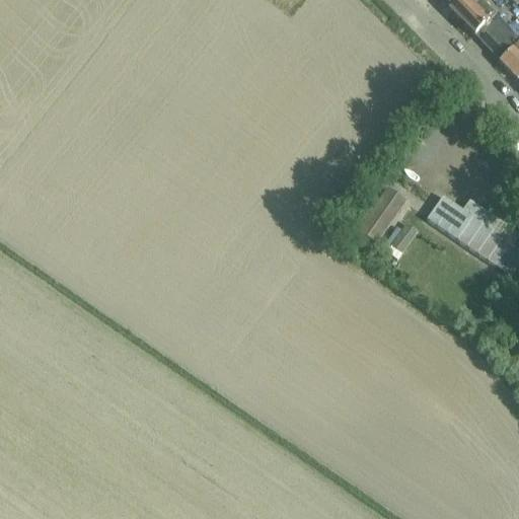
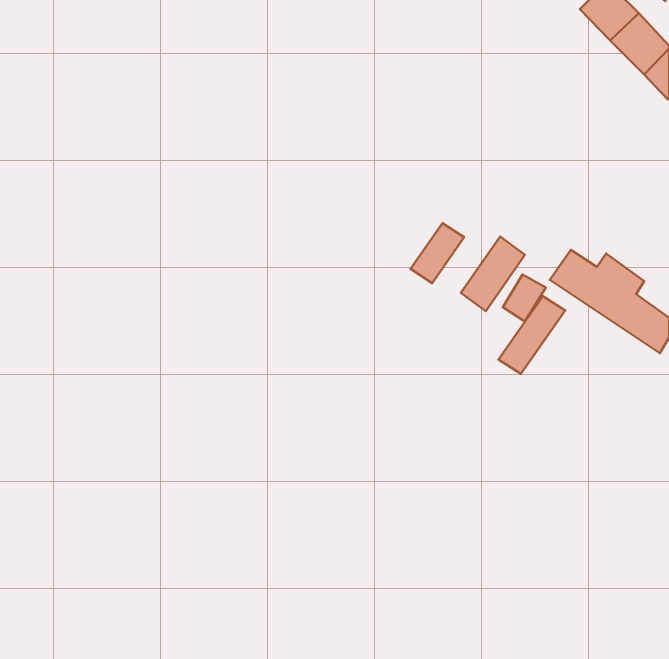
building: none -> [410,223,464,283]
building: none -> [499,296,565,374]

